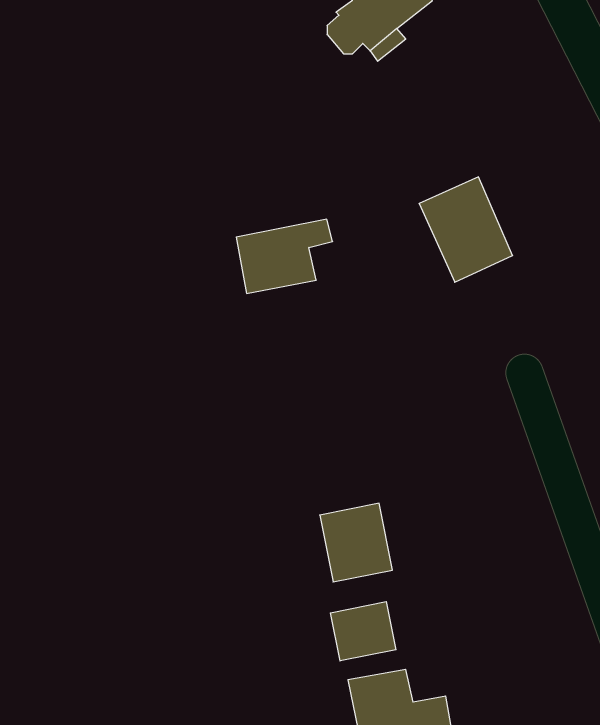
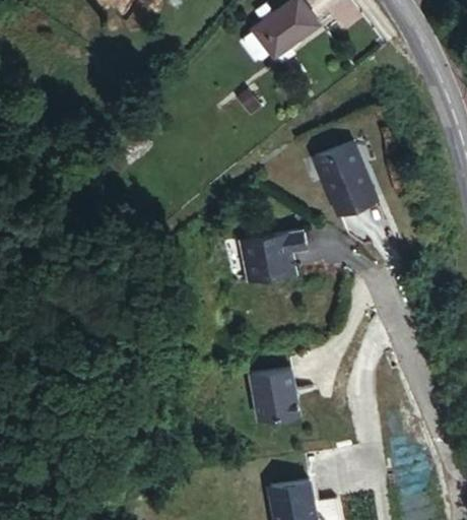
building: [236,219,333,293] -> [242,229,308,279]
building: [330,602,396,661] -> none

